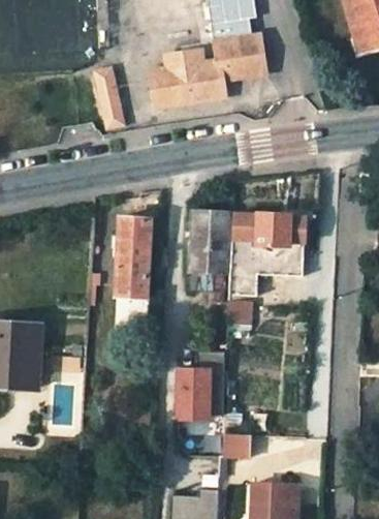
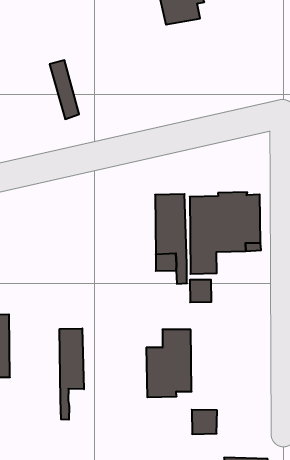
building: [153,36,266,105] -> none
building: [116,218,151,296] -> none
building: none -> [60,328,84,420]

